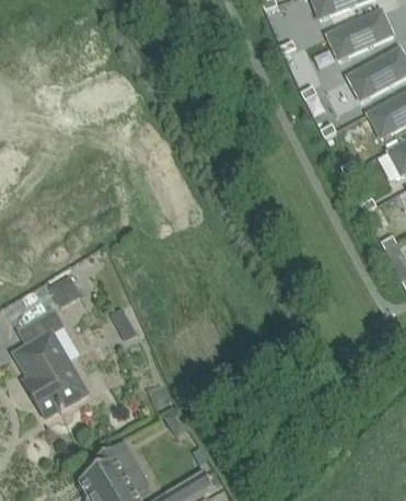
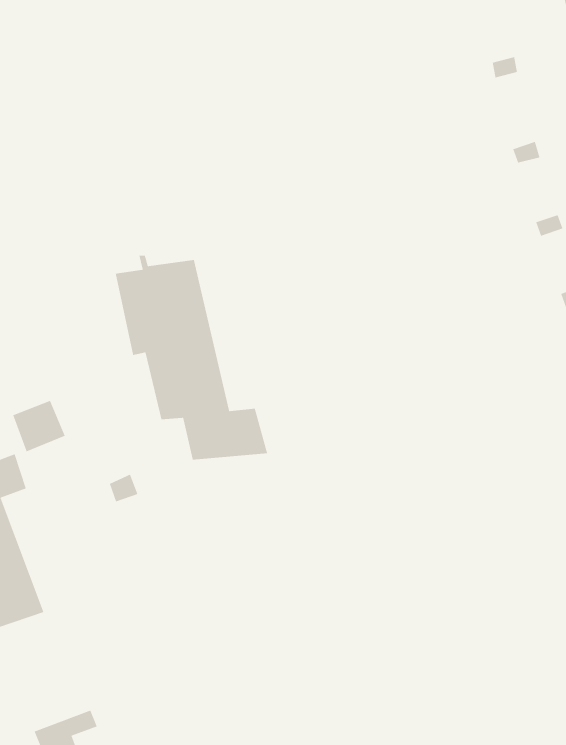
building: none -> [115,255,268,461]

